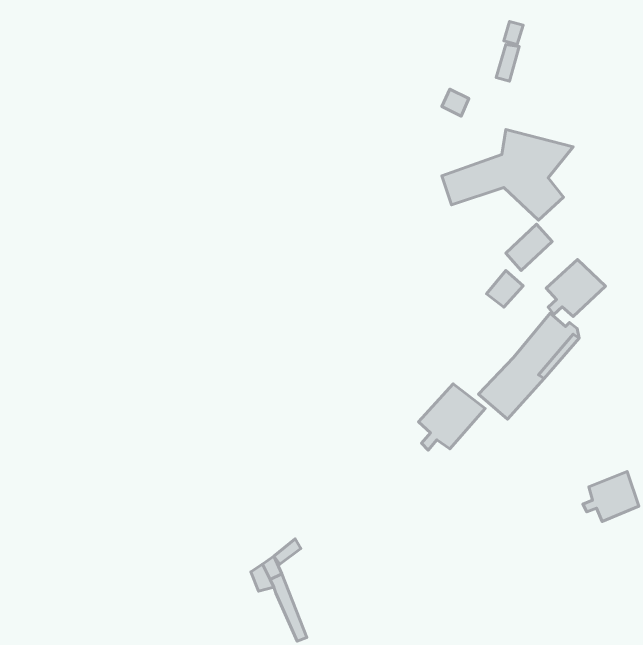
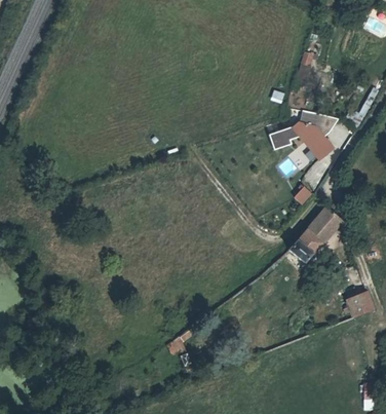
building: [546,260,606,317] -> none
building: [419,384,485,450] -> none

